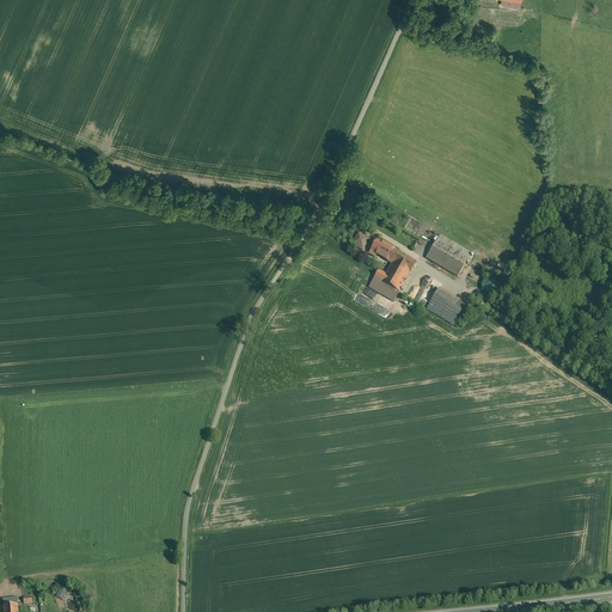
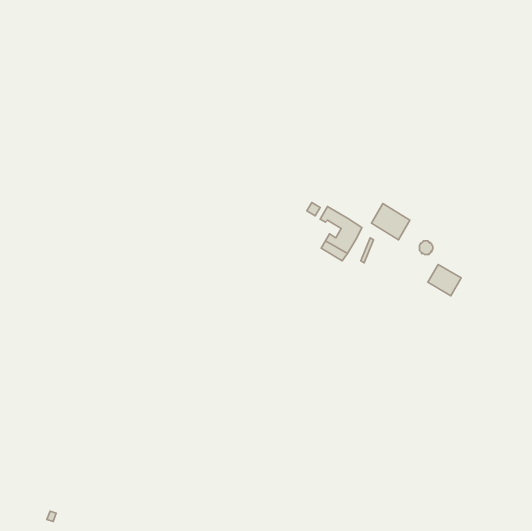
building: [426,287,464,323] -> [428,264,461,296]

